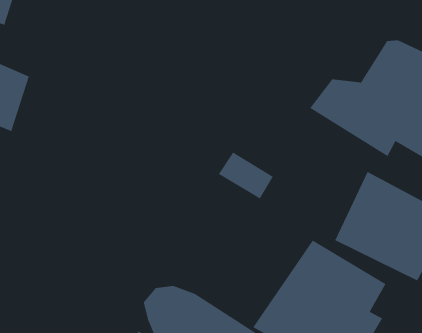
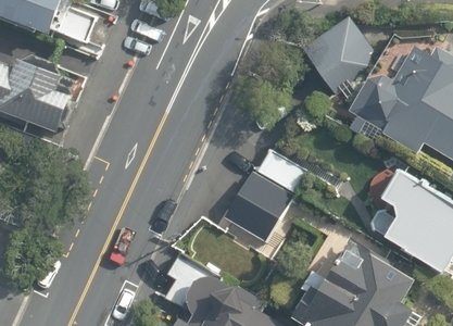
building: none -> [299,20,376,92]
building: none -> [222,173,292,244]

